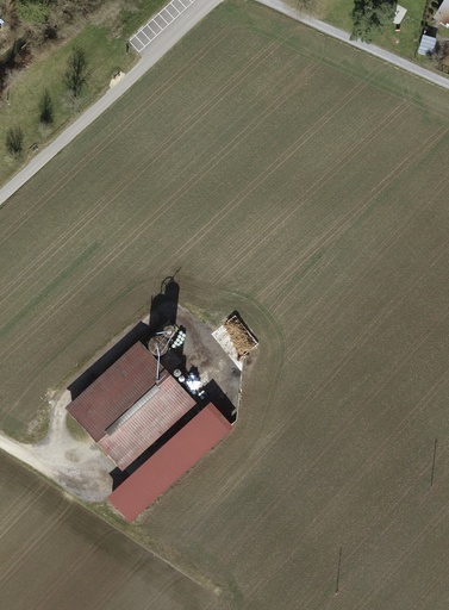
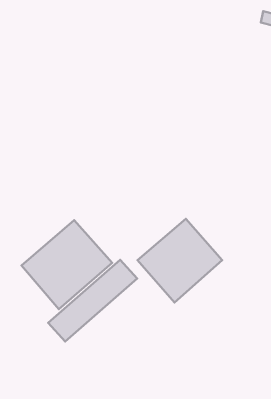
building: none -> [138,219,222,302]

